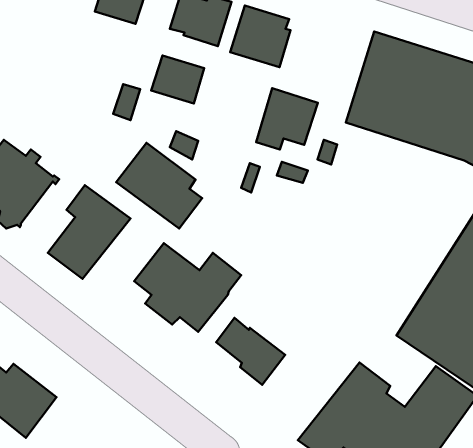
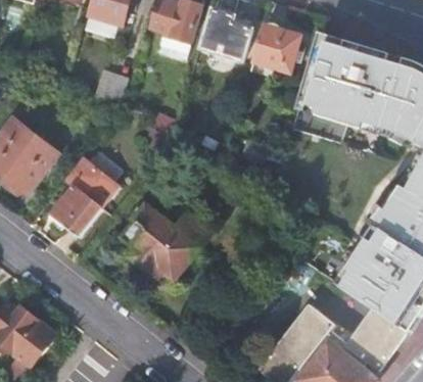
building: [151,56,204,103] -> none
building: [256,88,318,150] -> [248,25,299,76]
building: [116,143,202,228] -> none
building: [216,318,285,385] -> none

